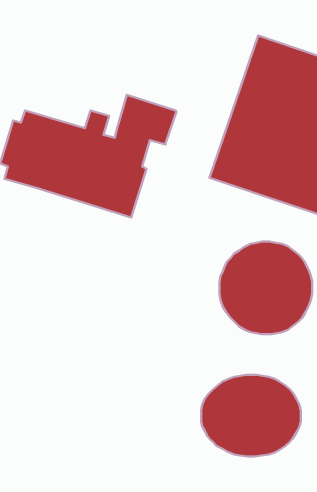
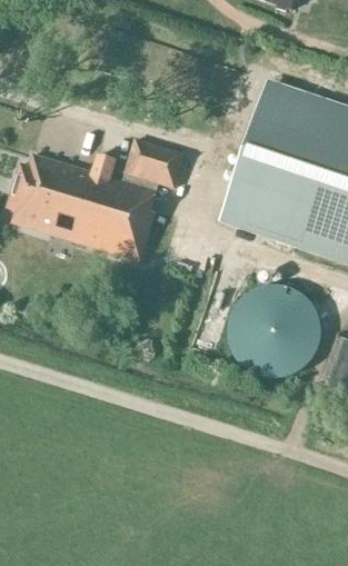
building: [201,375,301,457] -> none

